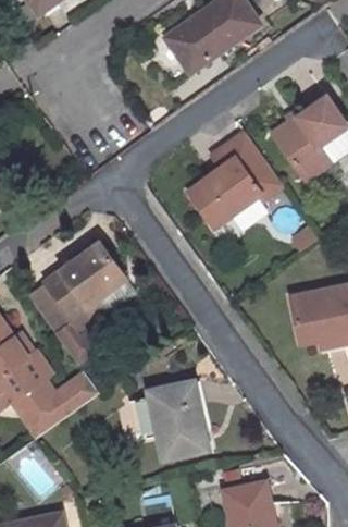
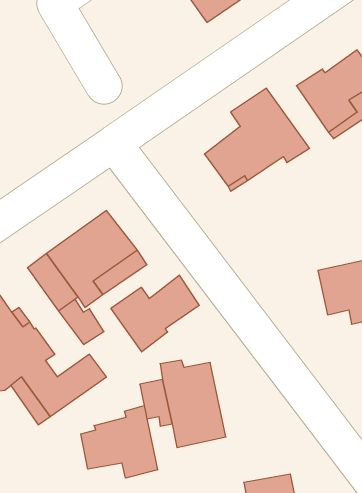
building: none -> [111,275,199,352]
building: none -> [81,406,158,478]

